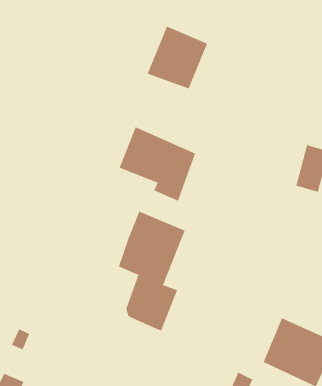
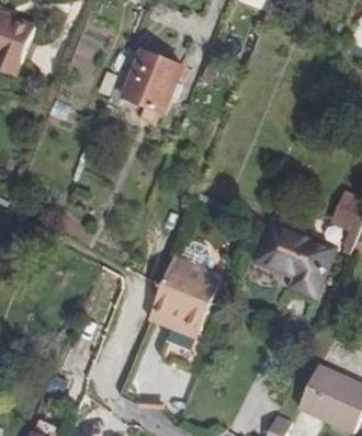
building: [147,26,208,89] -> [121,50,182,114]
building: [119,126,196,201] -> [253,222,331,298]

